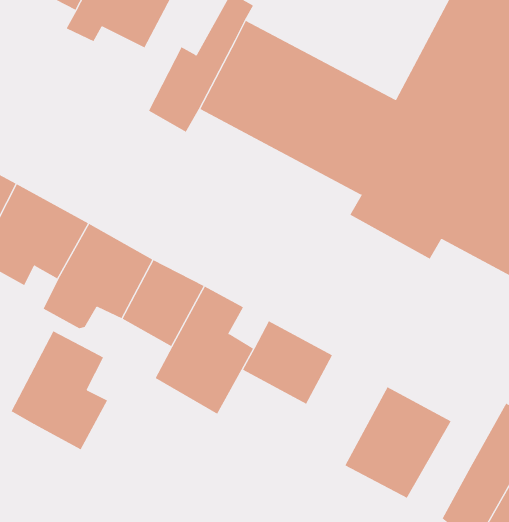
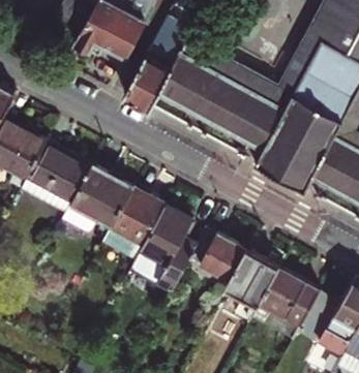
building: [11,330,108,450] -> none
building: none -> [225,250,279,319]

